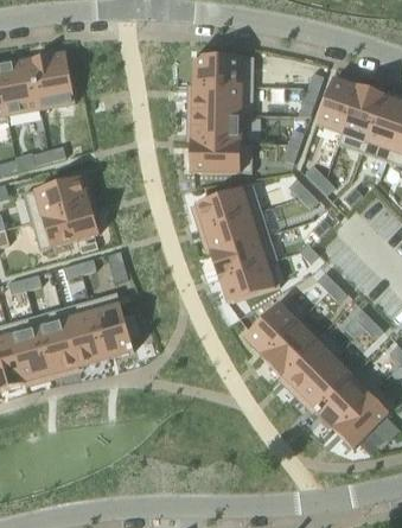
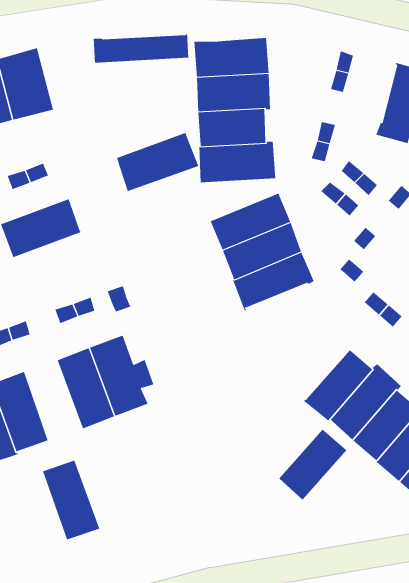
building: none -> [93,33,189,64]
building: [315,78,357,134] -> none
building: [31,204,98,250] -> [116,131,199,192]
building: [218,261,279,304] -> none
building: [243,299,301,356] -> [279,429,347,500]
building: [33,308,77,374] -> [42,460,100,540]

